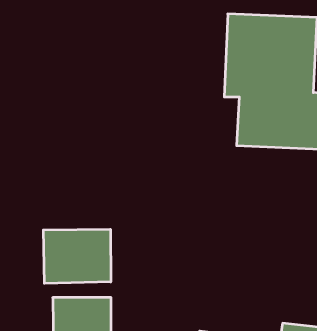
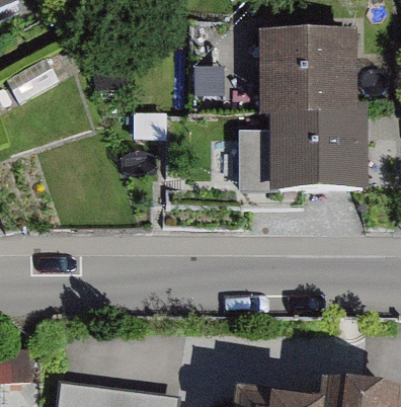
building: [43,229,111,283] -> none

